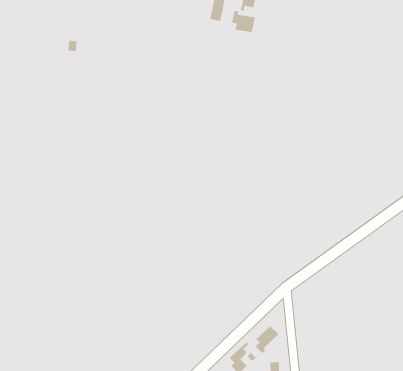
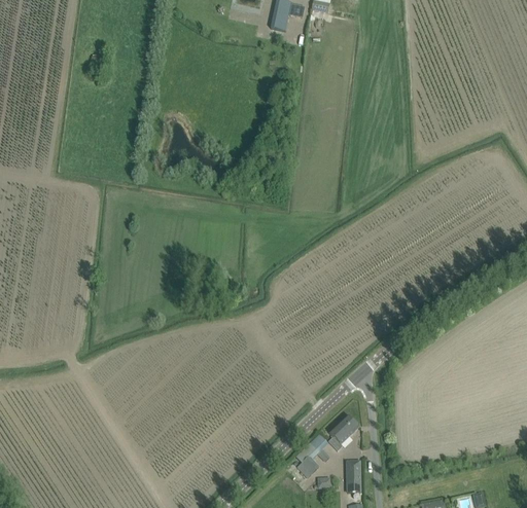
building: [231,10,255,33] -> none

